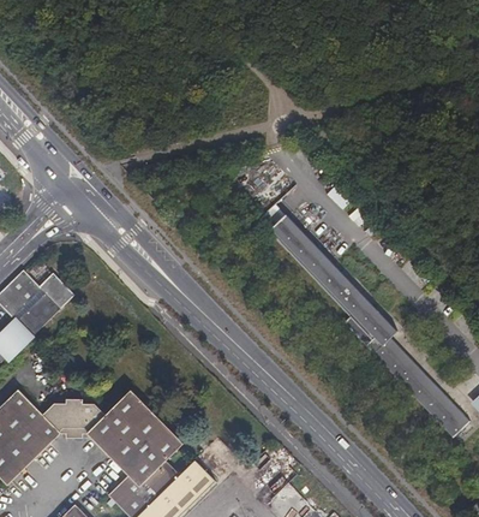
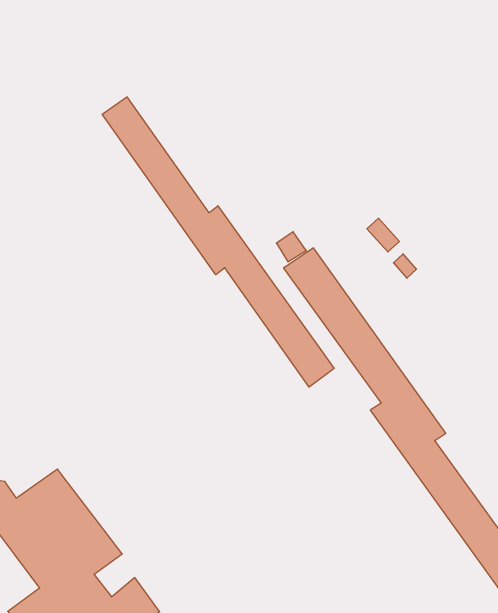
building: none -> [102,97,334,387]

